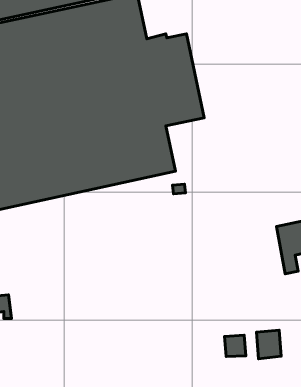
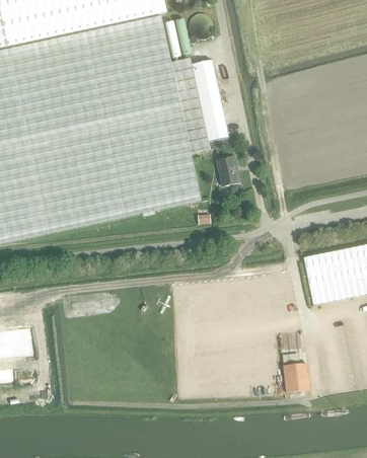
building: none -> [217,157,240,186]
building: [224,335,246,357] -> none

